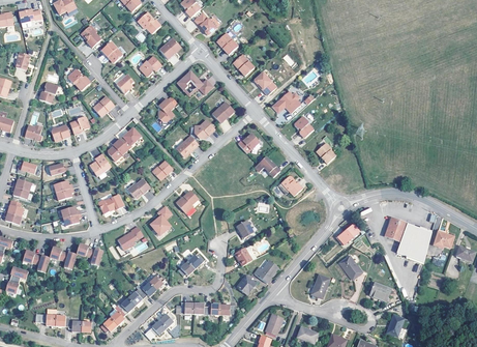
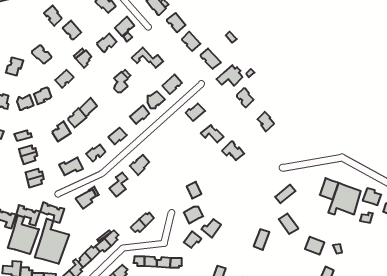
building: none -> [8,215,39,254]
building: none -> [35,218,69,264]

